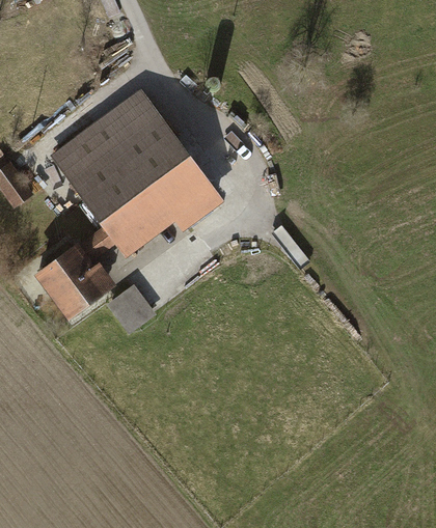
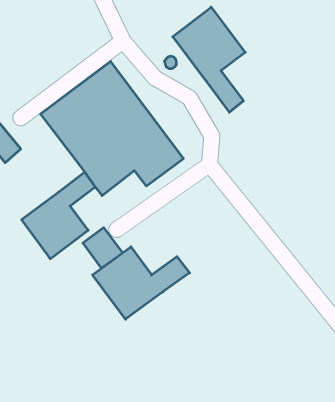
building: none -> [173,7,245,112]
building: none -> [93,247,190,319]

